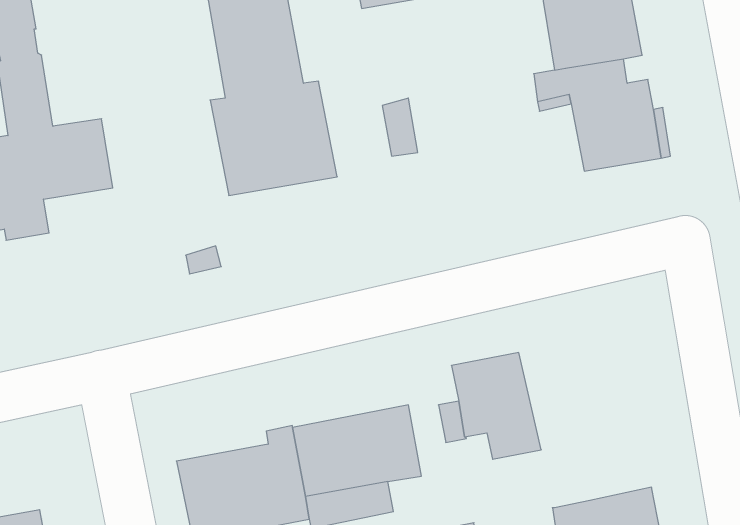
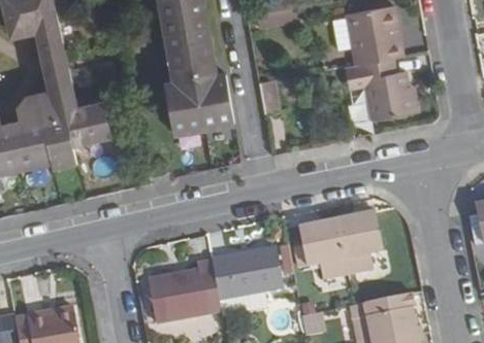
building: none -> [333,212,379,273]

